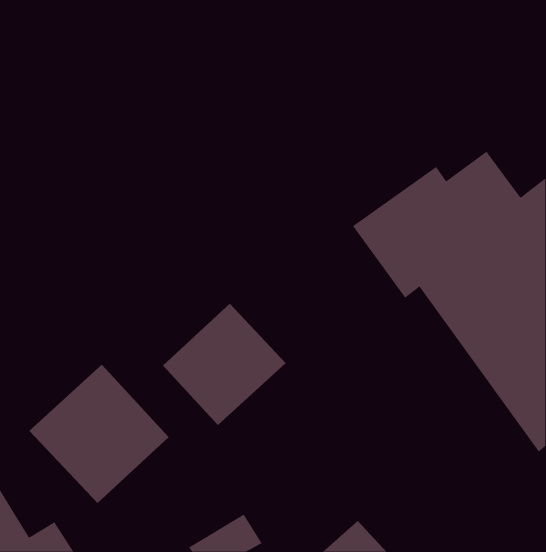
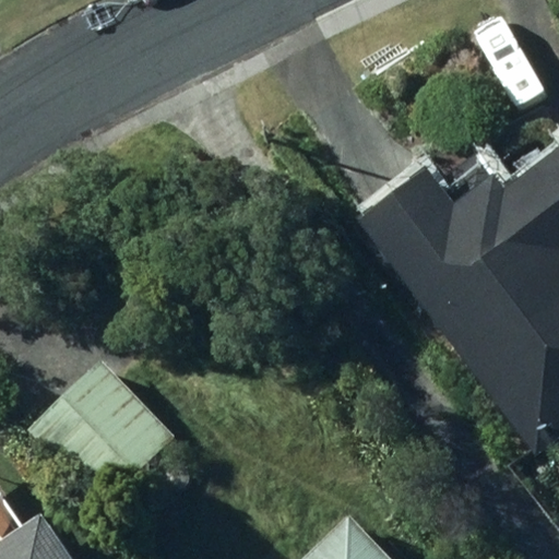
building: [162,303,287,426] -> none

